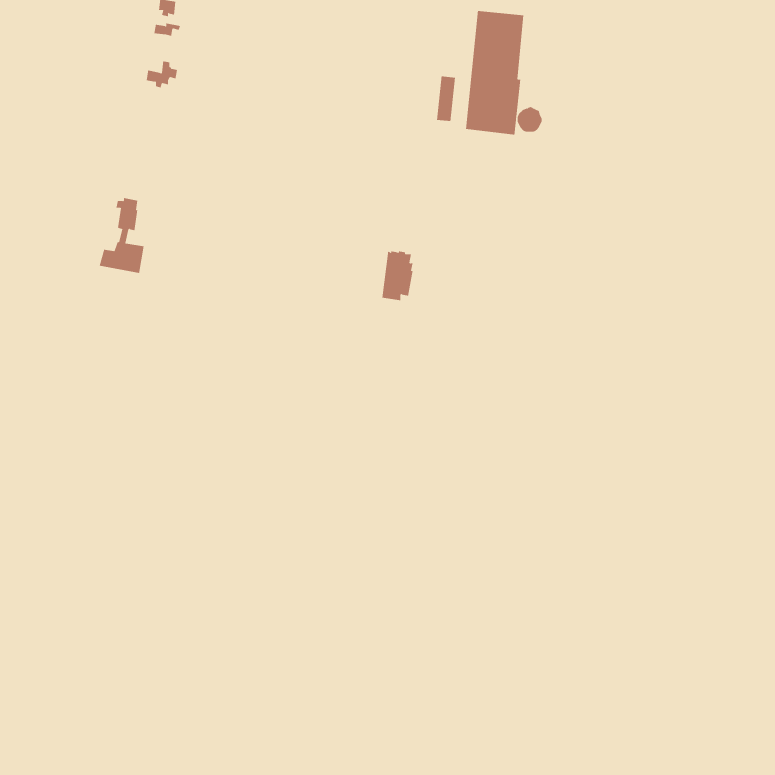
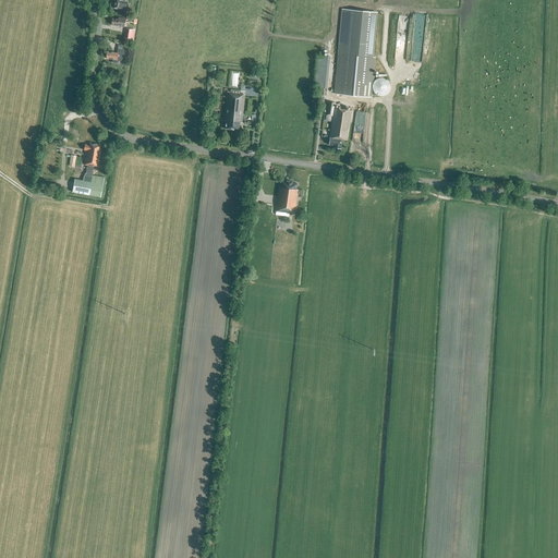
building: none -> [222,88,243,130]
building: none -> [325,101,350,148]

